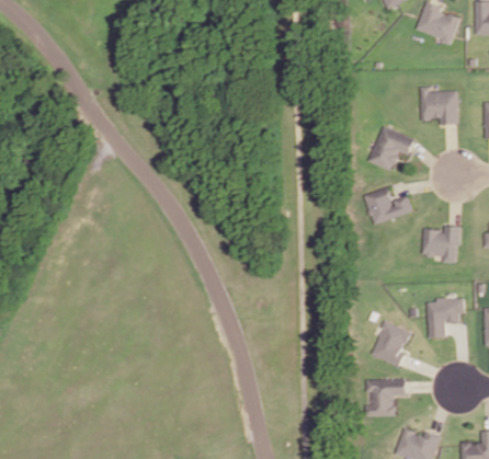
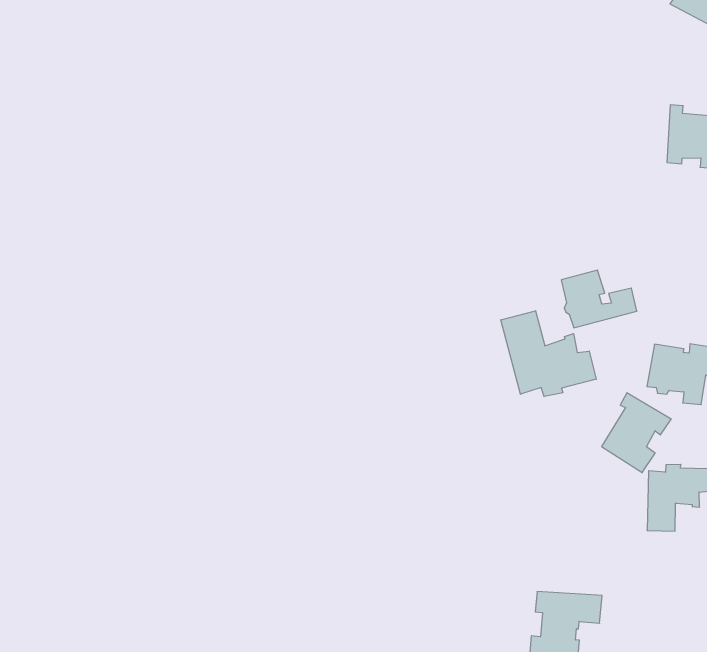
building: [369,128,413,169] -> none
building: none -> [501,311,596,397]
building: [373,321,412,367] -> [602,393,671,473]

